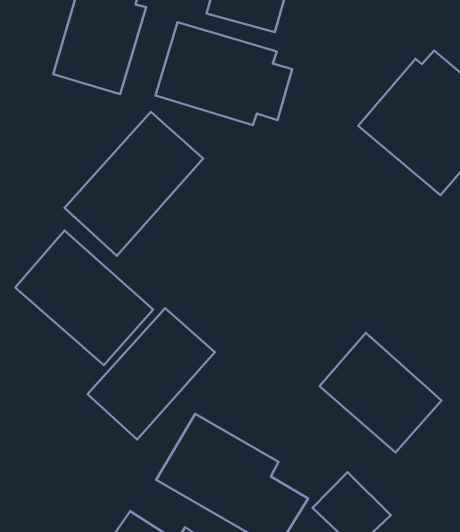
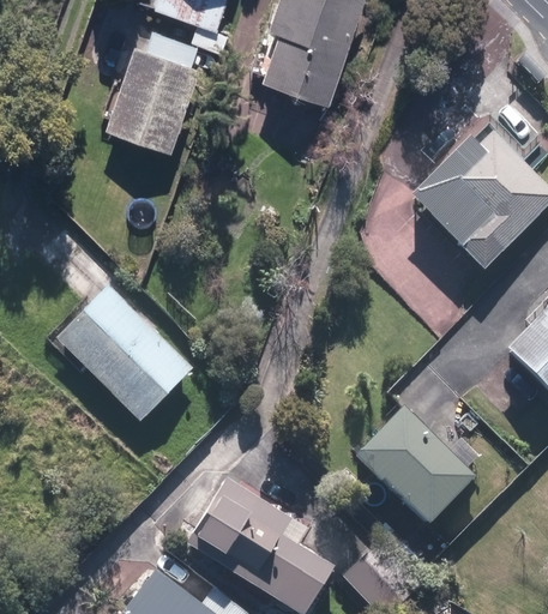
building: [155,22,292,125] -> none
building: [64,112,203,256] -> none
building: [88,308,215,440] -> none

